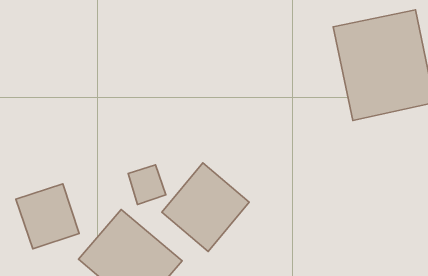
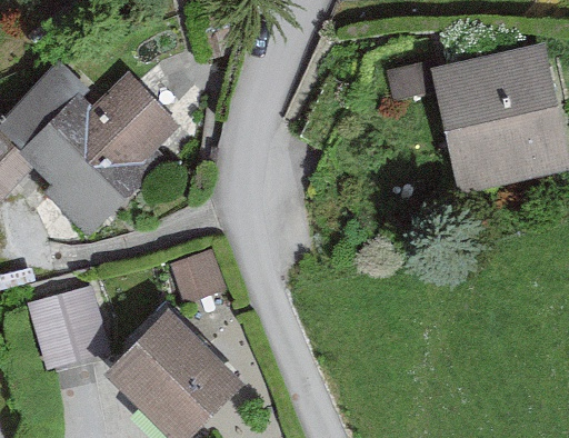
building: none -> [21,73,174,229]
building: [162,163,249,251] -> none

